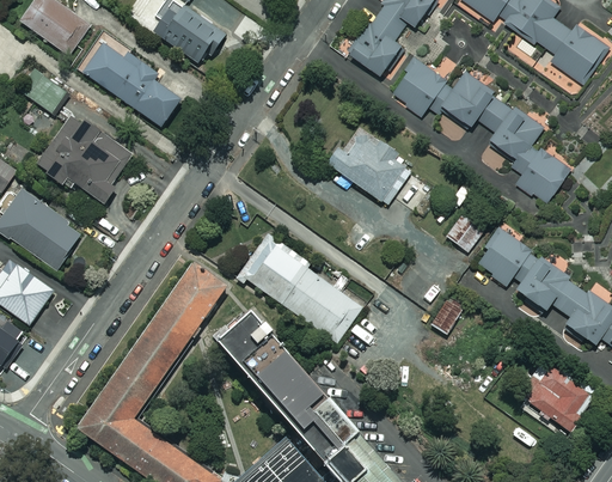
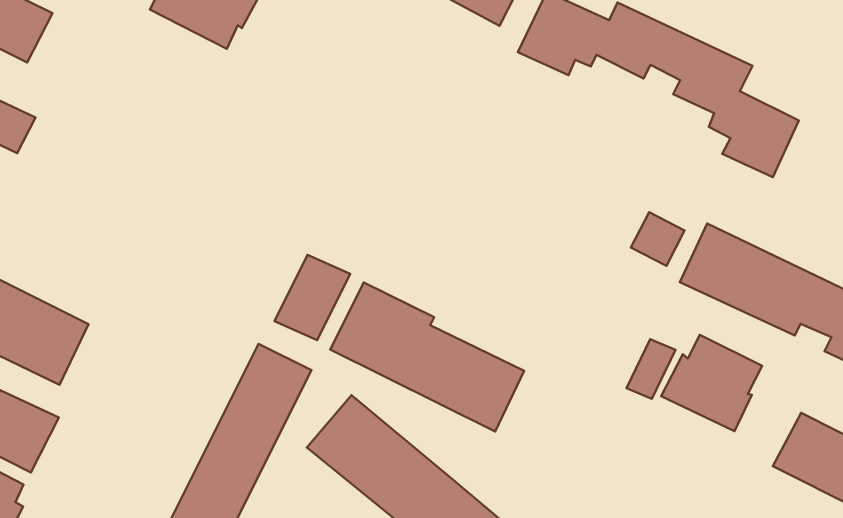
building: [79,41,180,127] -> none
building: [38,93,136,207] -> none
building: [325,127,412,206] -> none
building: none -> [275,255,350,340]
building: none -> [661,335,762,431]

